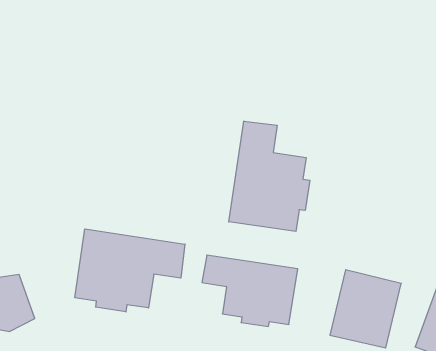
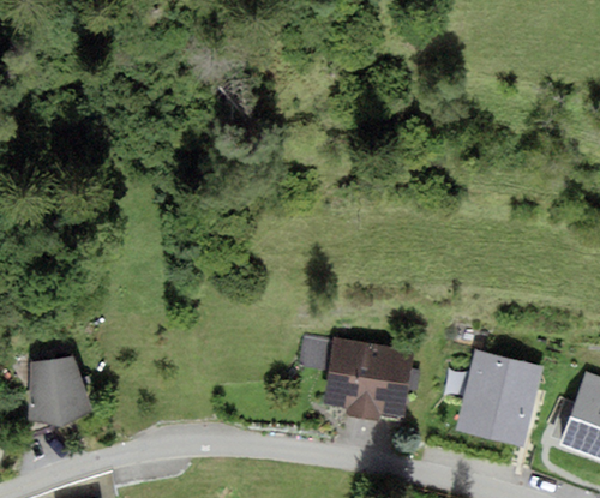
building: [229,121,310,231] -> none
building: [75,229,185,312] -> none

